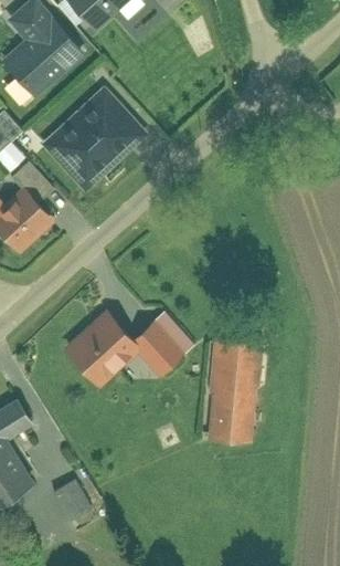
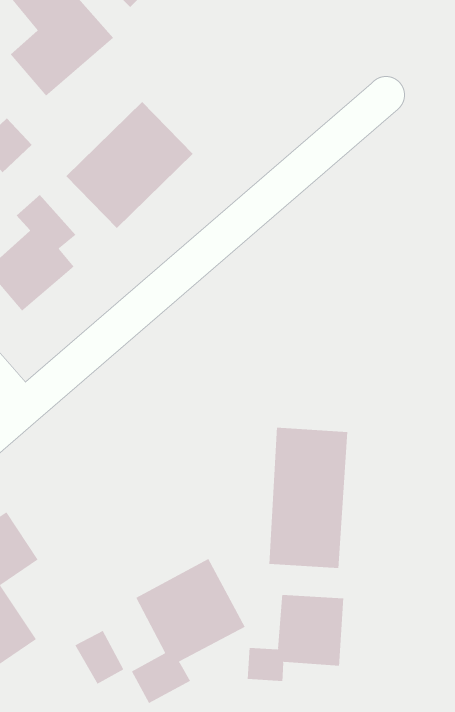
building: [63,312,181,382] -> none
building: none -> [131,558,246,704]
building: none -> [247,594,344,682]

